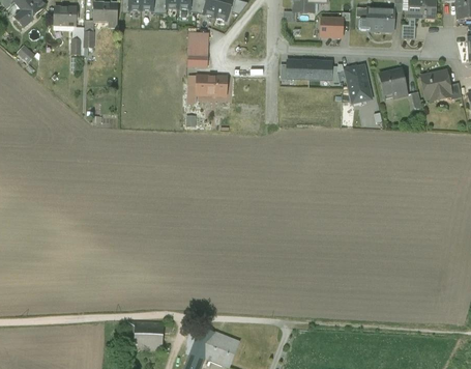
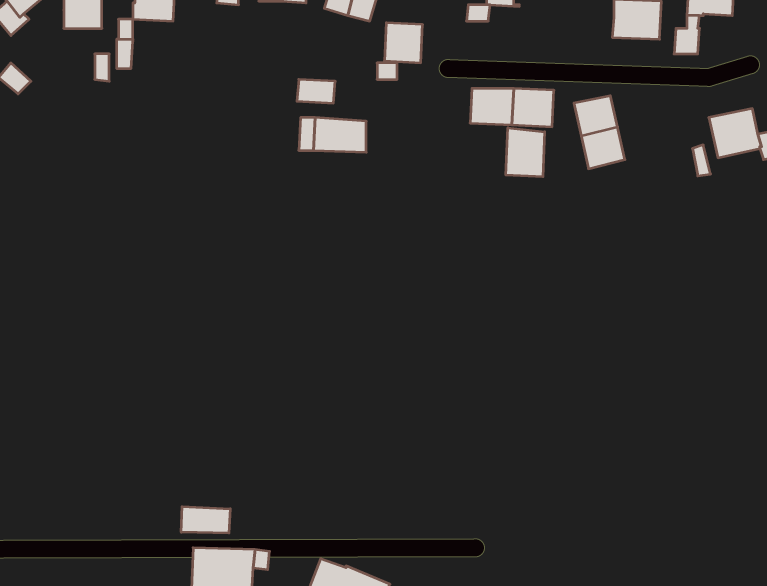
building: [319,18,343,38] -> none
building: [187,32,209,55] -> [384,23,423,63]
building: [378,68,407,100] -> none
building: none -> [506,128,545,177]
building: none -> [181,507,230,533]

